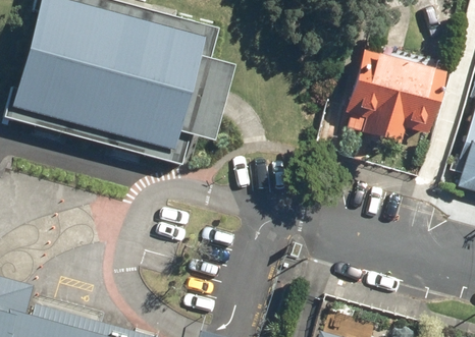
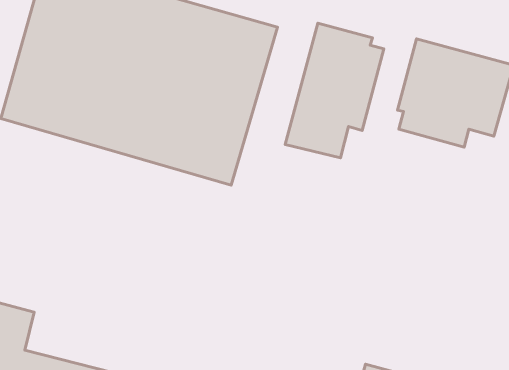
building: none -> [285,23,384,158]

